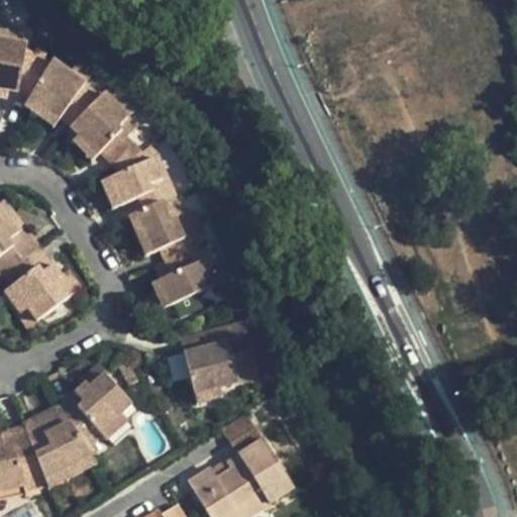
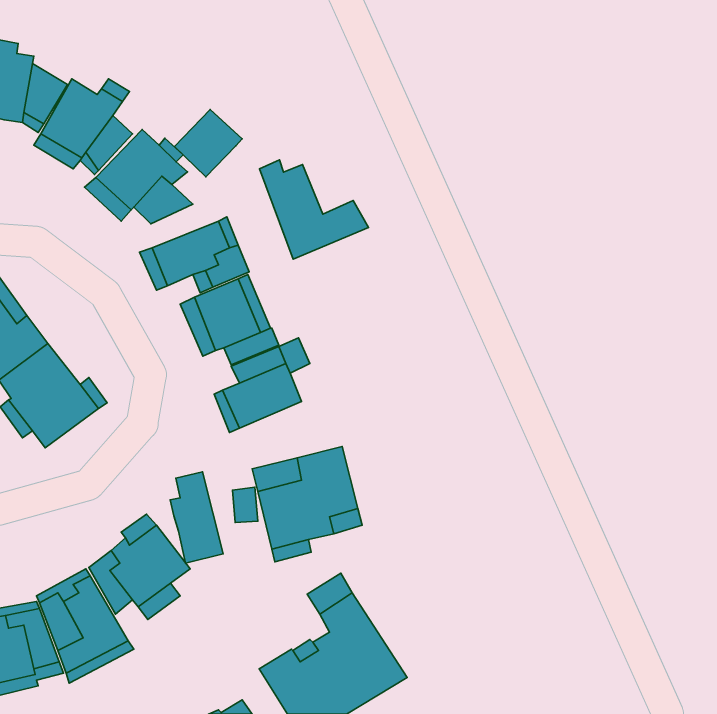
building: none -> [174,109,242,177]
building: none -> [259,160,368,259]
building: none -> [170,472,223,563]

